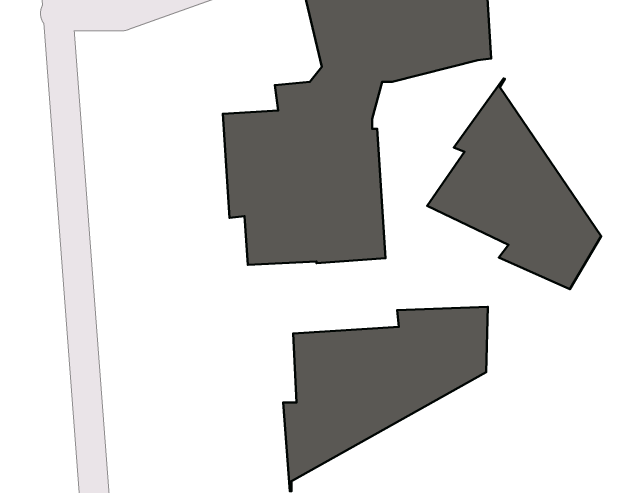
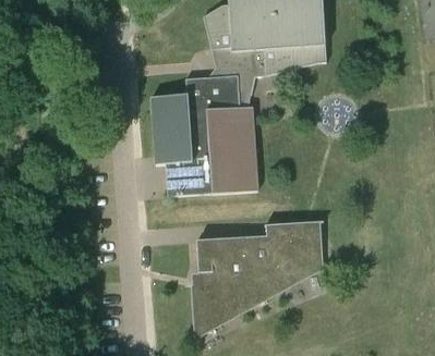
building: [427,78,601,289] -> none

